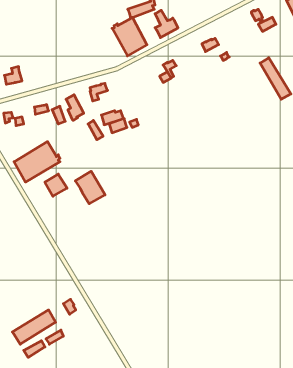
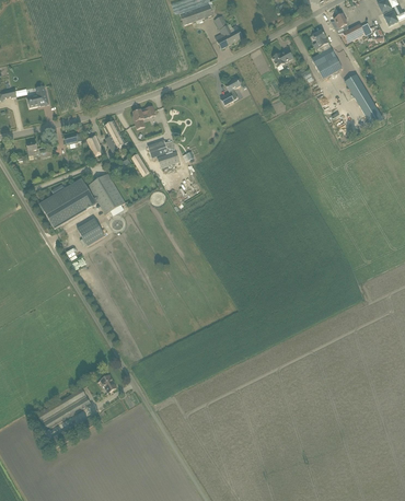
building: [112,17,147,56] -> none
building: none -> [311,30,340,77]
building: [75,171,105,204] -> [86,172,124,212]

